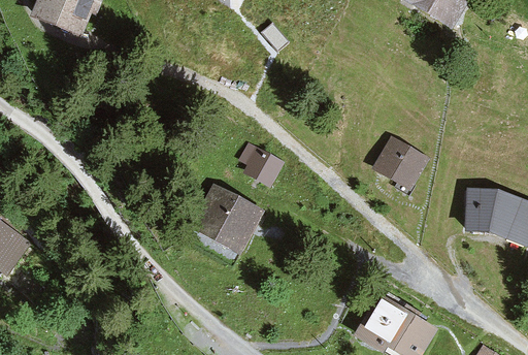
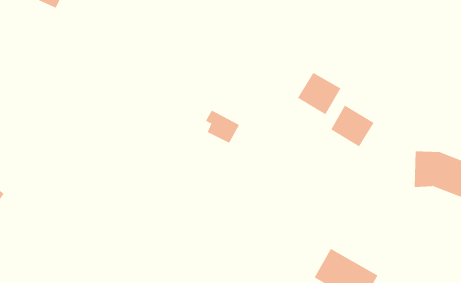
building: none -> [297,72,341,115]
building: [191,185,258,249] -> none

